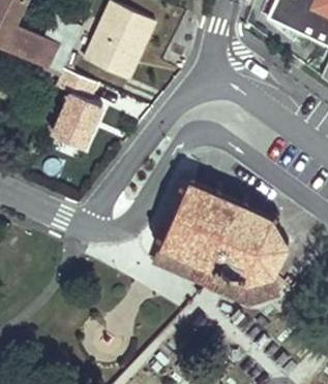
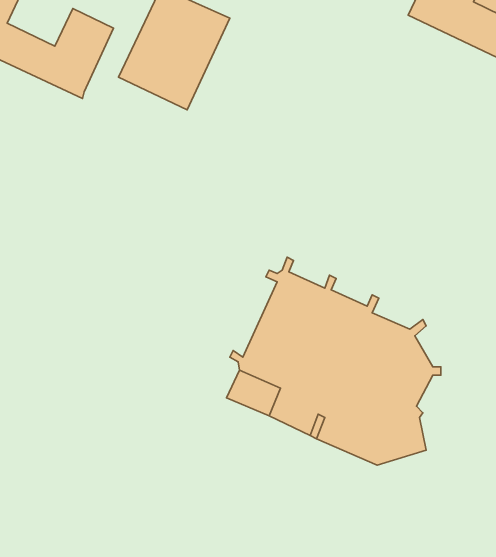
building: [53,69,103,150] -> none

